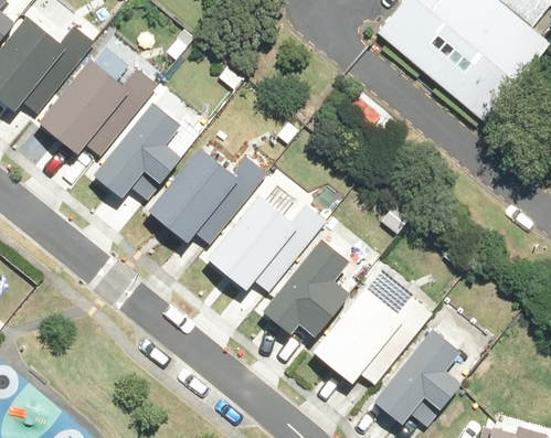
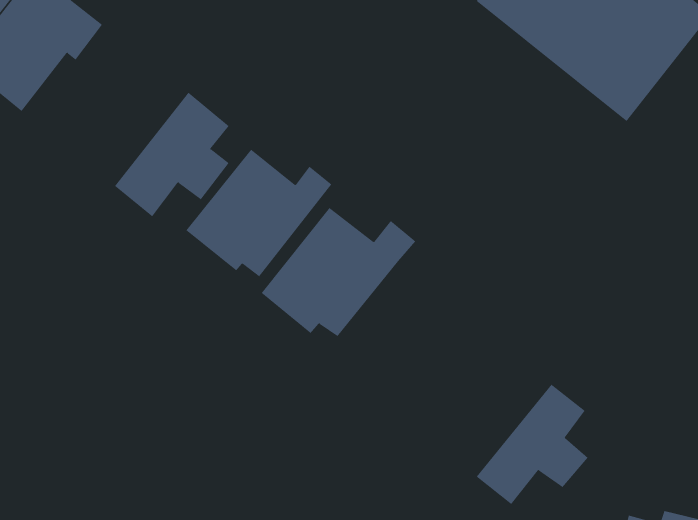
building: [35,55,151,159] -> none
building: [263,238,350,332] -> none
building: [314,286,432,385] -> none

